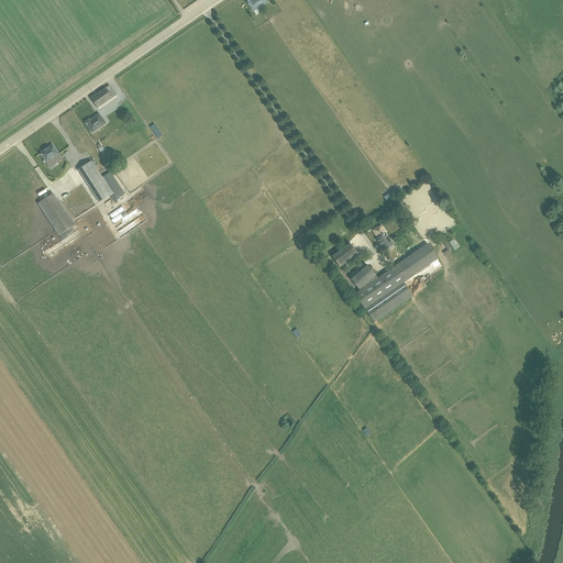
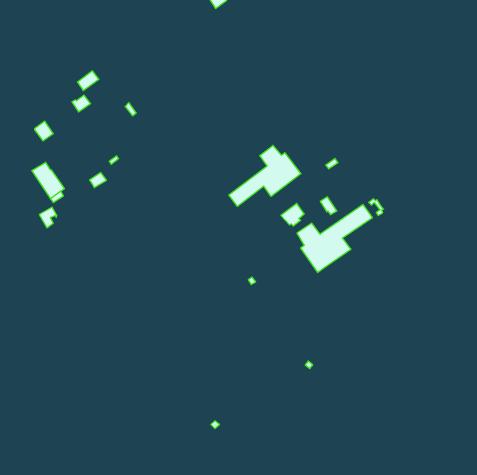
building: [78,158,125,201] -> none
building: none -> [229,145,301,206]

